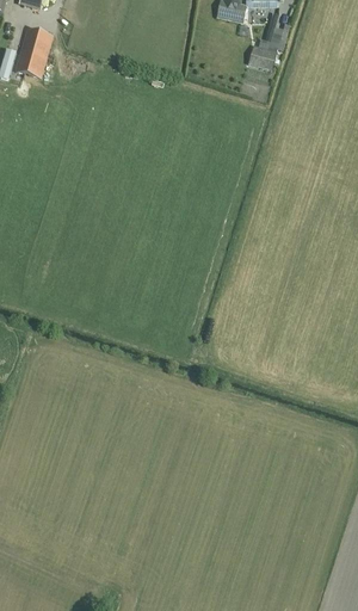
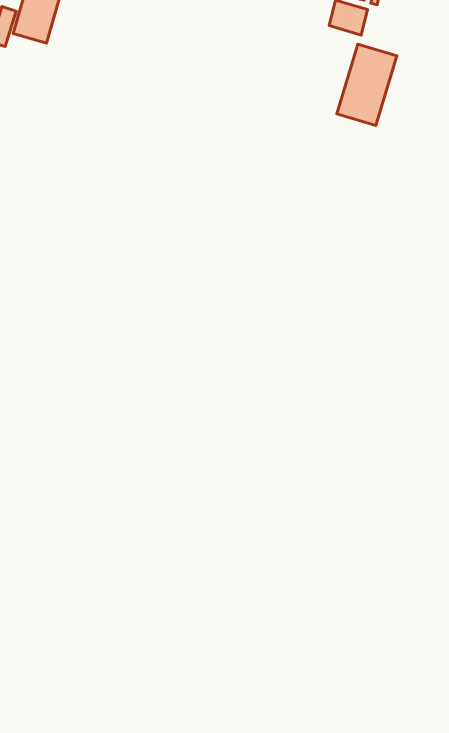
building: none -> [337,44,397,126]

